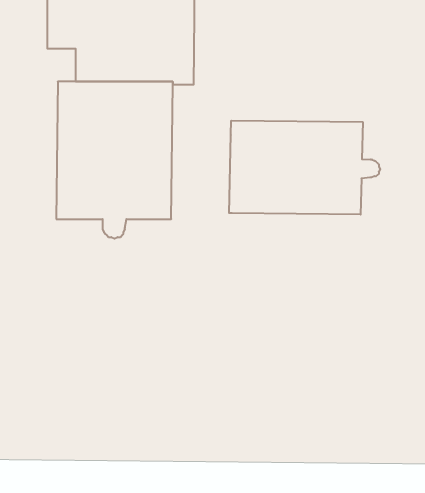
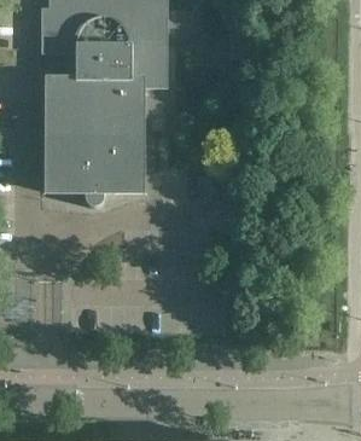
building: [229,121,380,215] -> none

